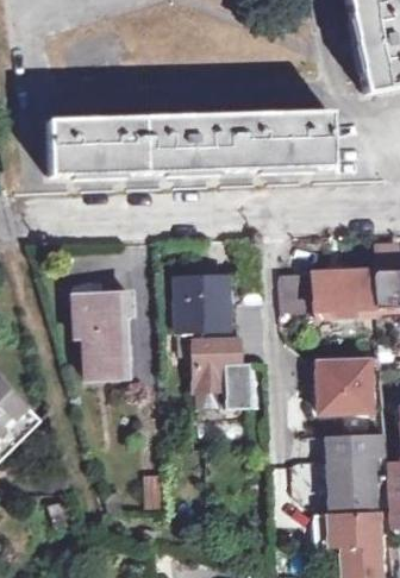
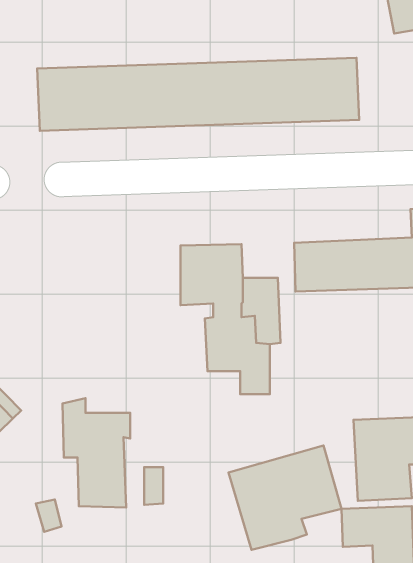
building: [73,281,132,377] -> [62,398,130,507]
building: [318,351,373,406] -> none
building: none -> [229,446,341,550]

